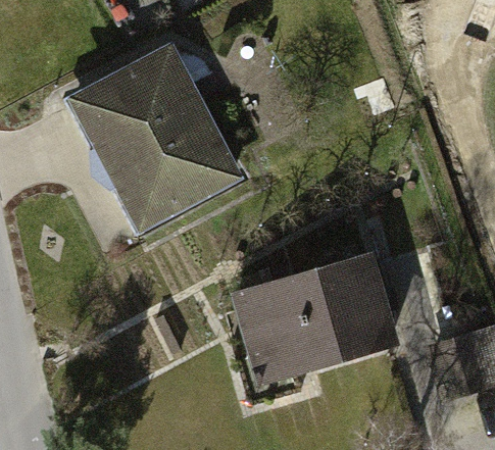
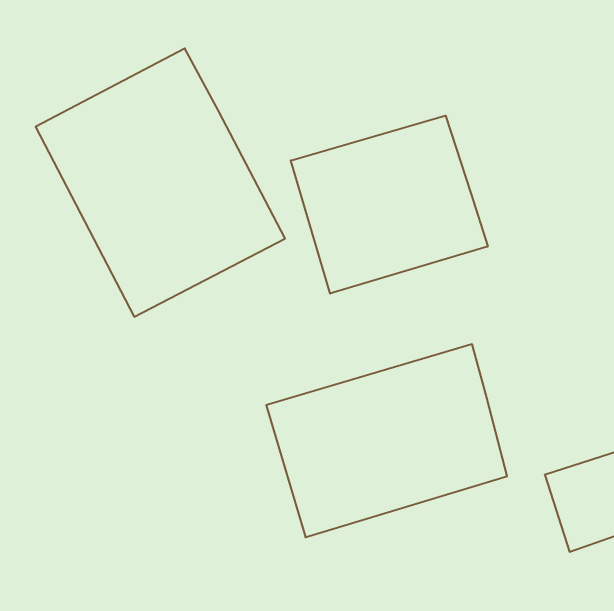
building: none -> [291,116,488,294]

